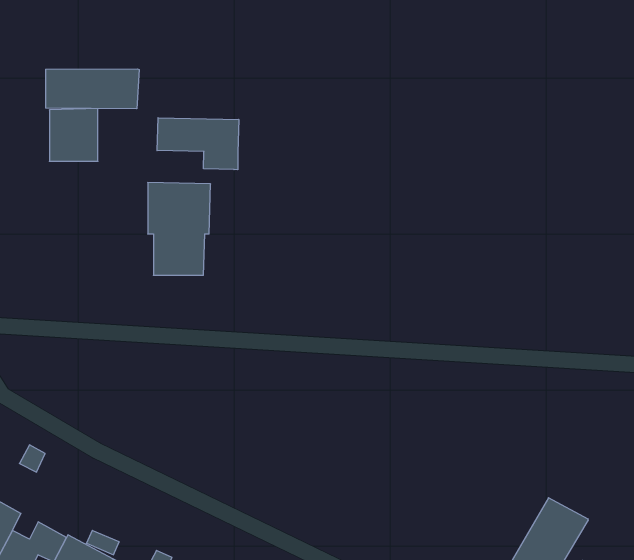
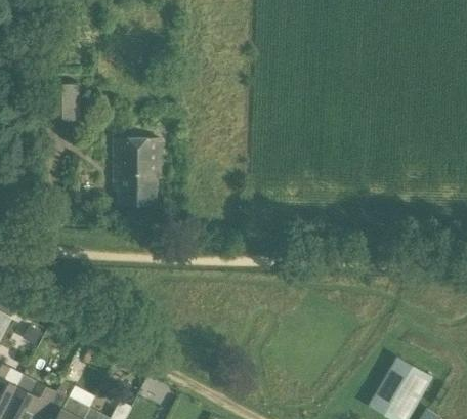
building: [46,69,139,109] -> none
building: [157,118,239,170] -> none

